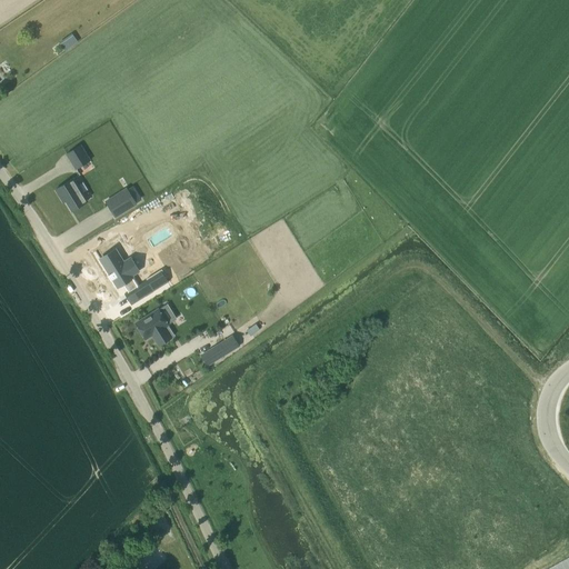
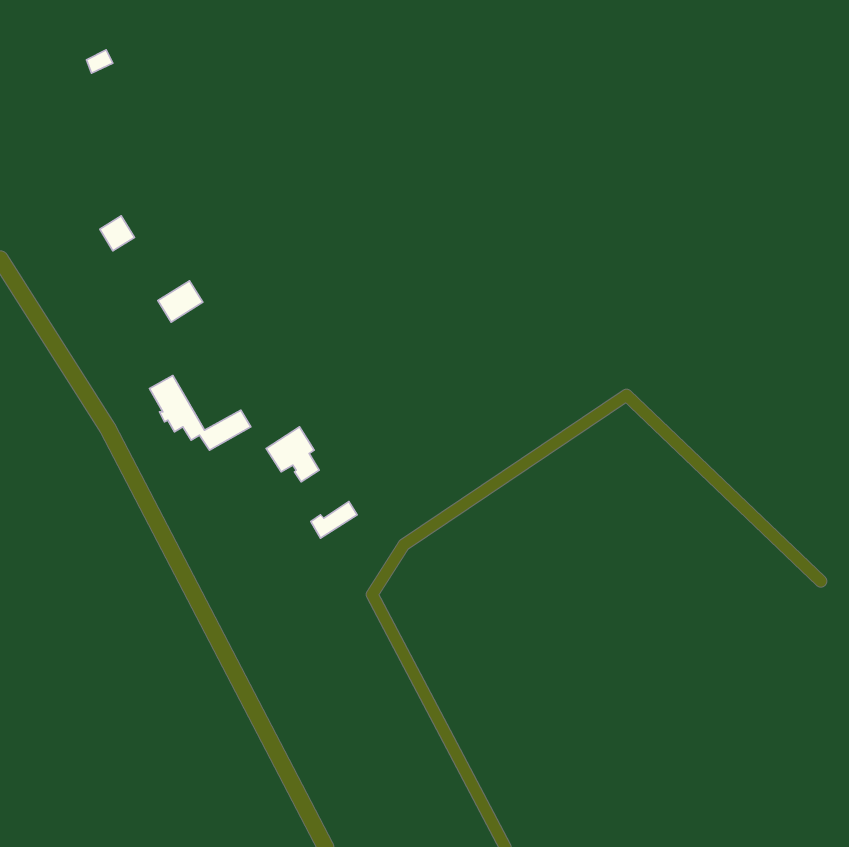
building: [56,178,87,210] -> none
building: [136,308,171,345] -> [266,427,319,482]

